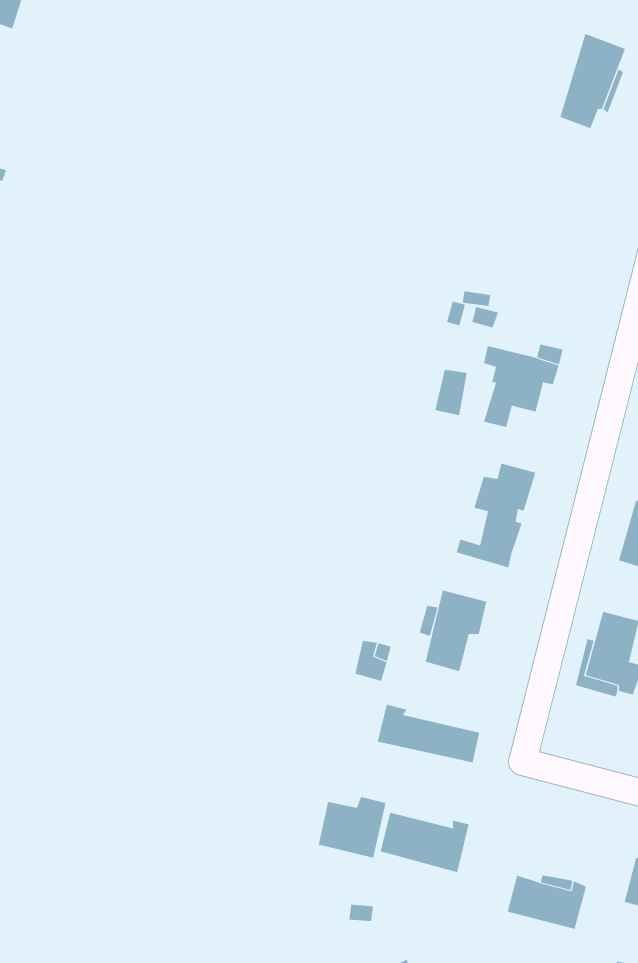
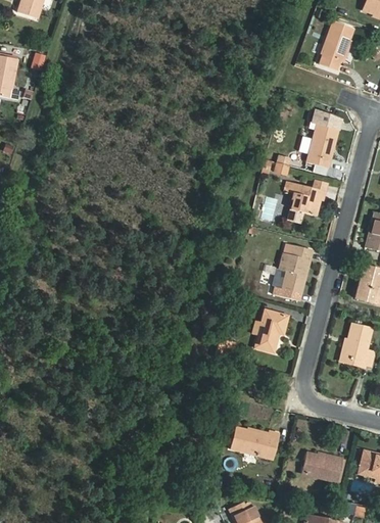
building: none -> [307,110,342,169]
building: [377,704,480,763] -> none
building: [318,796,386,858] -> none

